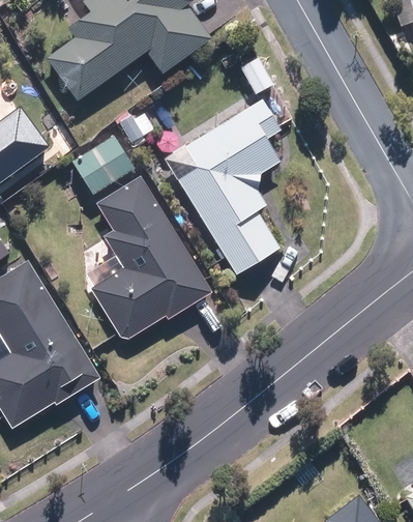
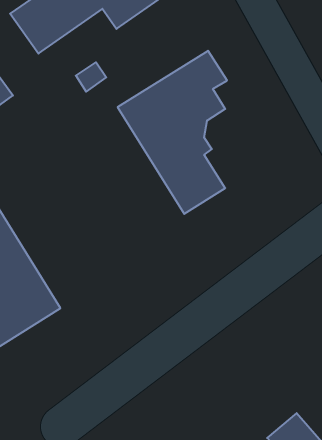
building: [71,134,136,195] -> none
building: [89,175,213,339] -> none

